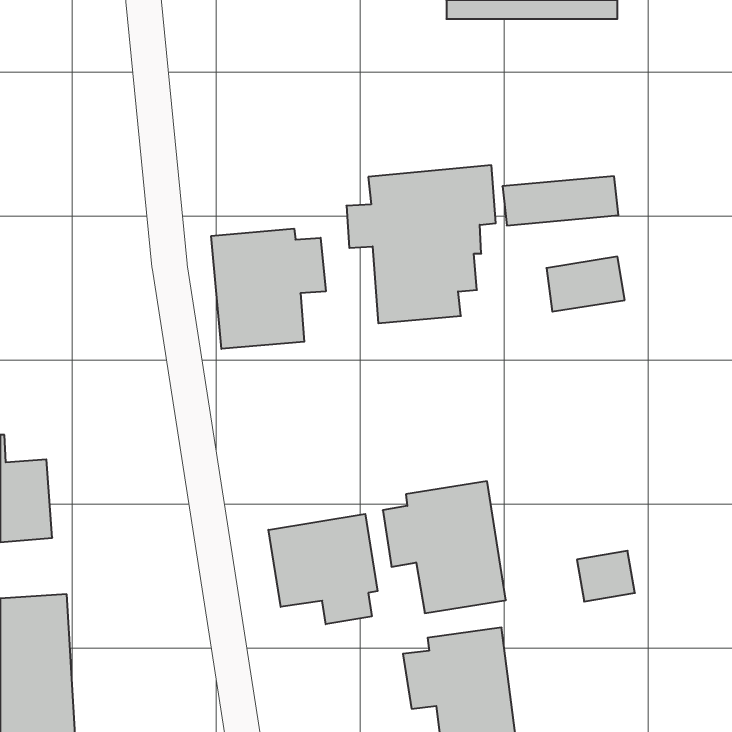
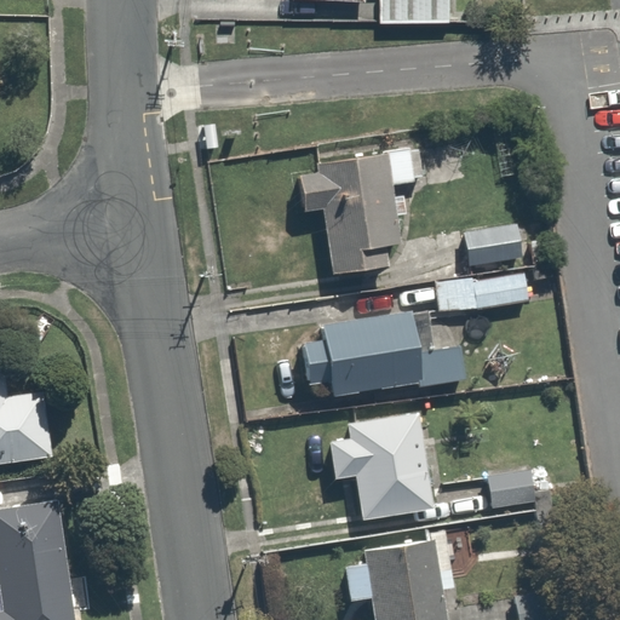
building: [502,176,618,225] -> [435,272,532,314]
building: [211,229,326,349] -> none
building: none -> [302,320,465,391]
building: [268,514,378,624] -> none

